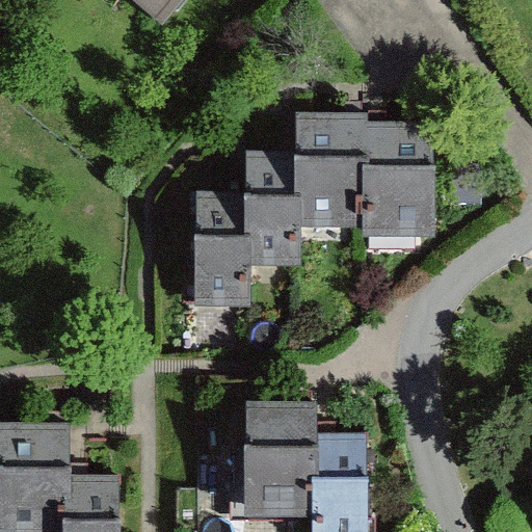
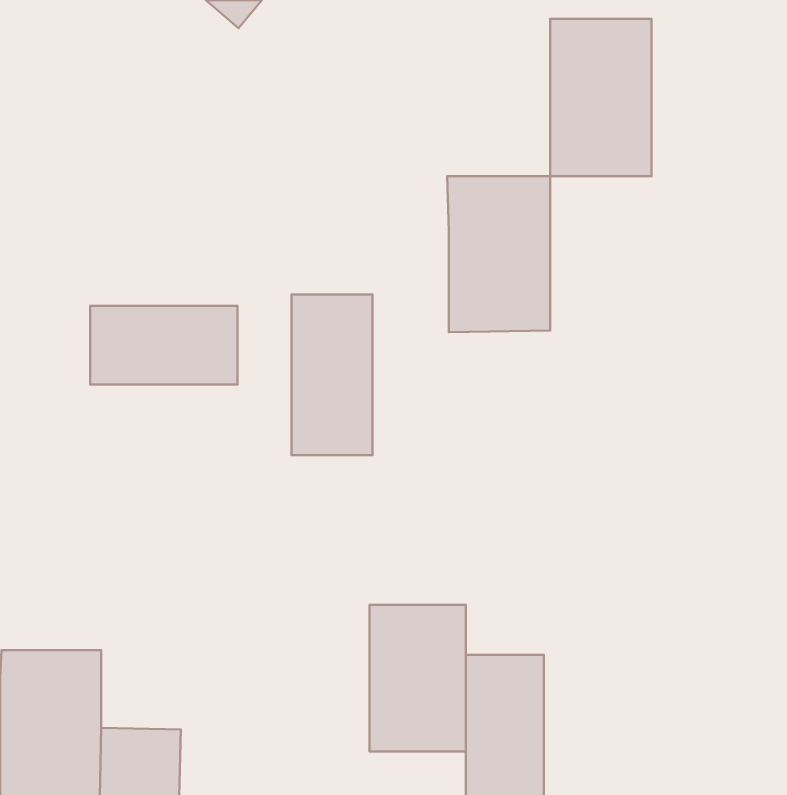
building: [367,128,434,233] -> [550,19,651,176]
building: [248,155,299,262] -> none
building: none -> [90,306,238,385]

